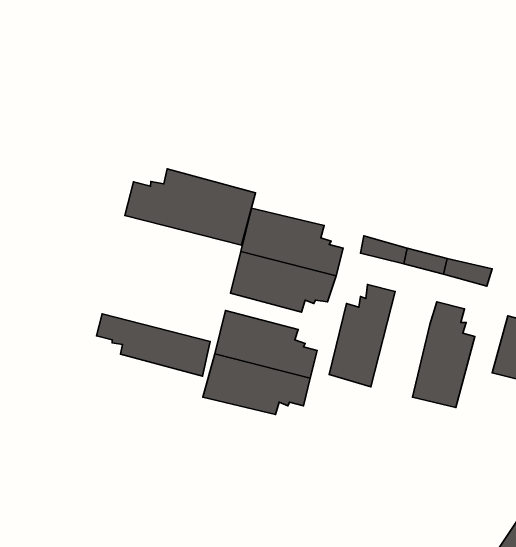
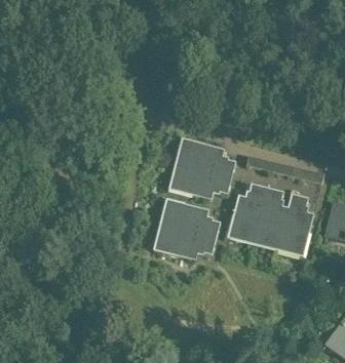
building: [125,169,256,245] -> none
building: none -> [252,187,286,249]
building: [96,314,210,376] -> none

